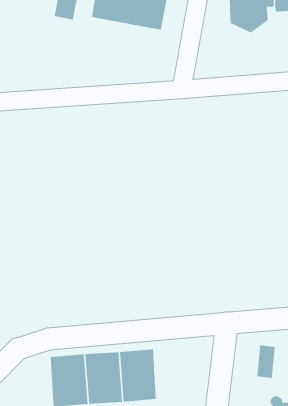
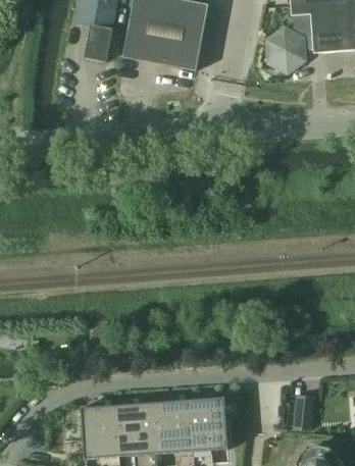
building: none -> [189,397,229,451]

